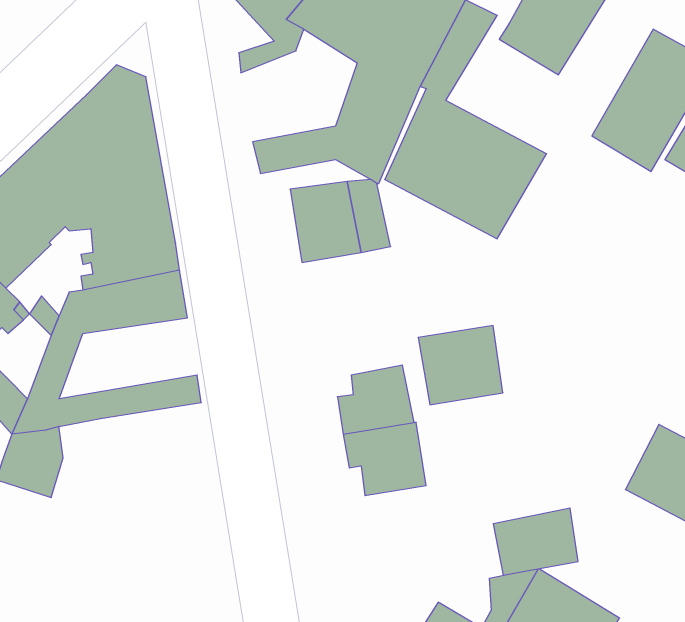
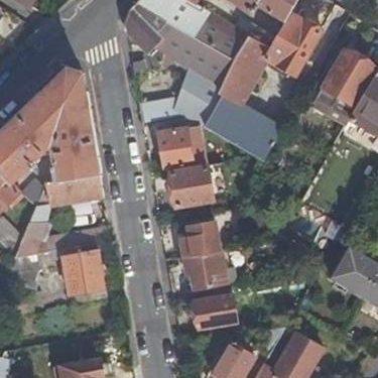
building: [418,326,503,405] -> [169,164,213,205]
building: none -> [60,244,105,293]
building: [493,508,578,575] -> [194,292,237,327]

